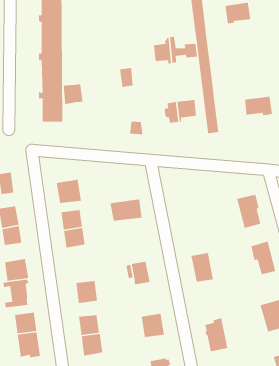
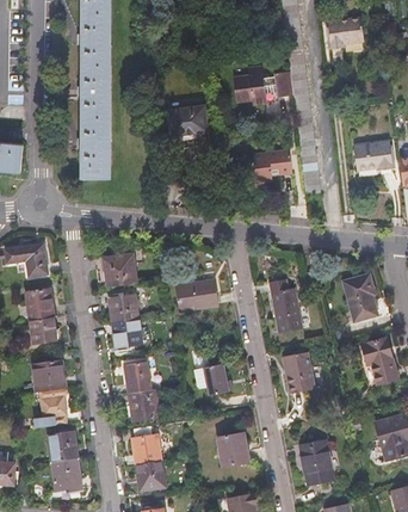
building: [63,83,83,105] -> [163,106,191,135]
building: none -> [268,277,302,331]
building: none -> [125,362,152,391]

